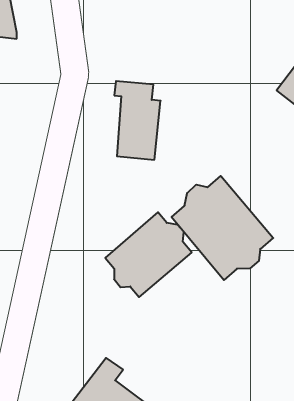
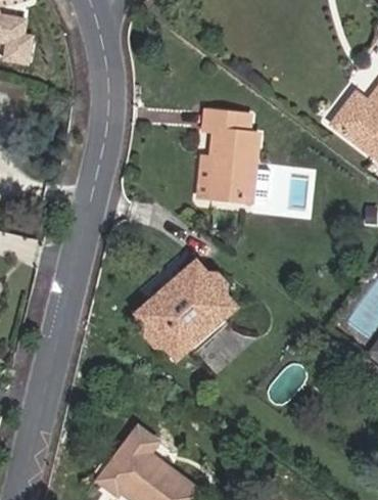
building: [114,81,161,160] -> [204,111,257,201]
building: [172,176,273,280] -> none

